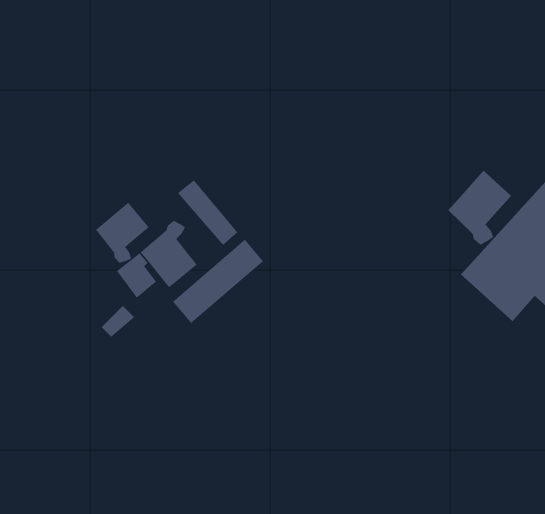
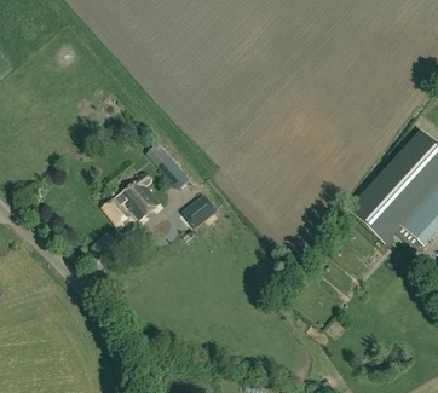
building: [447,170,512,245] -> none
building: [95,202,149,264] -> none

